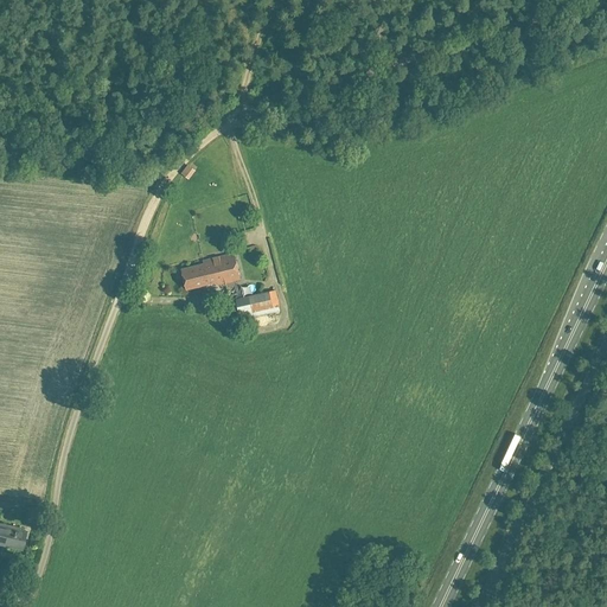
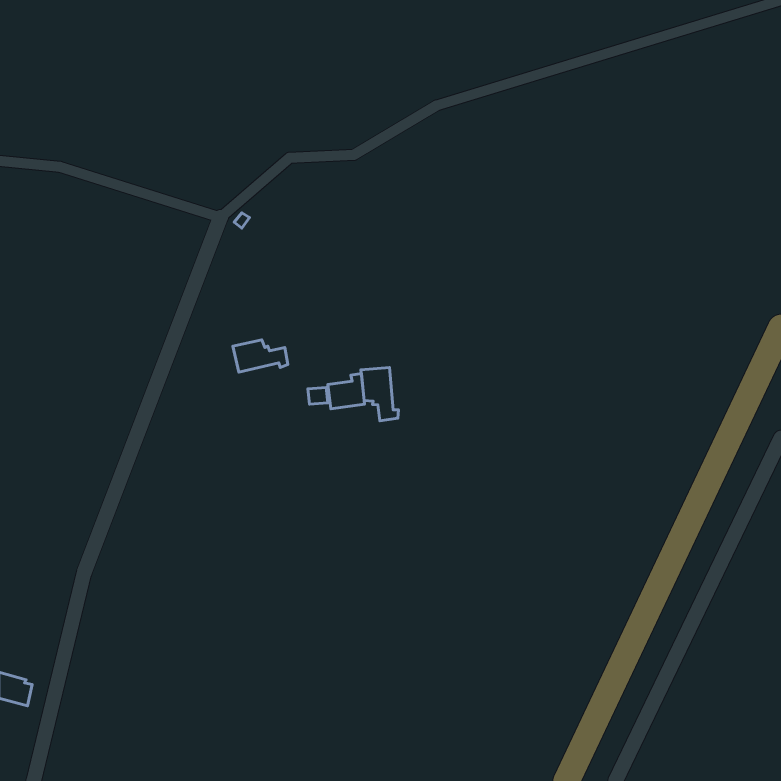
building: [202,253,238,282] -> none
building: none -> [361,367,399,421]

